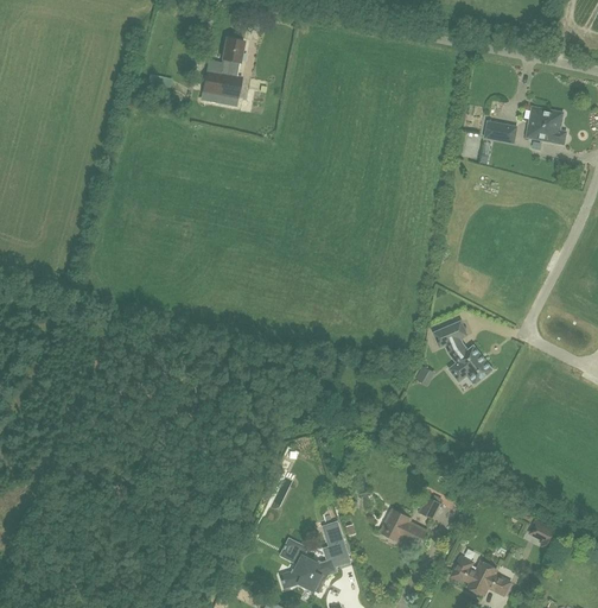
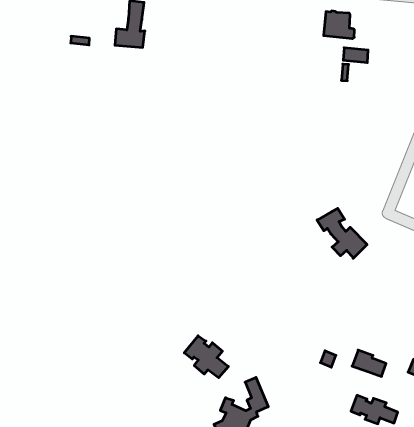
building: [526,107,565,144] -> [324,11,354,39]
building: none -> [184,336,228,378]
building: [382,509,425,545] -> [352,350,386,376]

